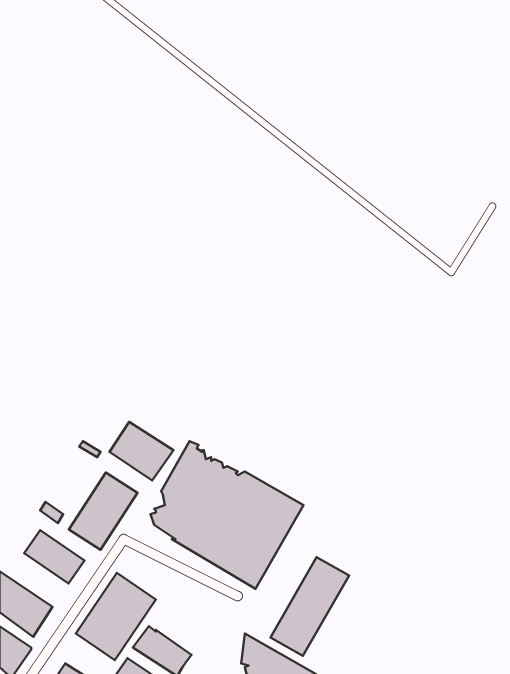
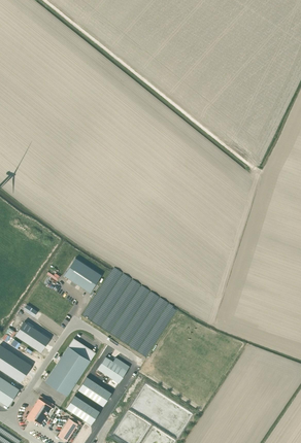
building: [69,473,137,550] -> none
building: [270,557,349,656] -> none
building: none -> [97,356,129,383]

